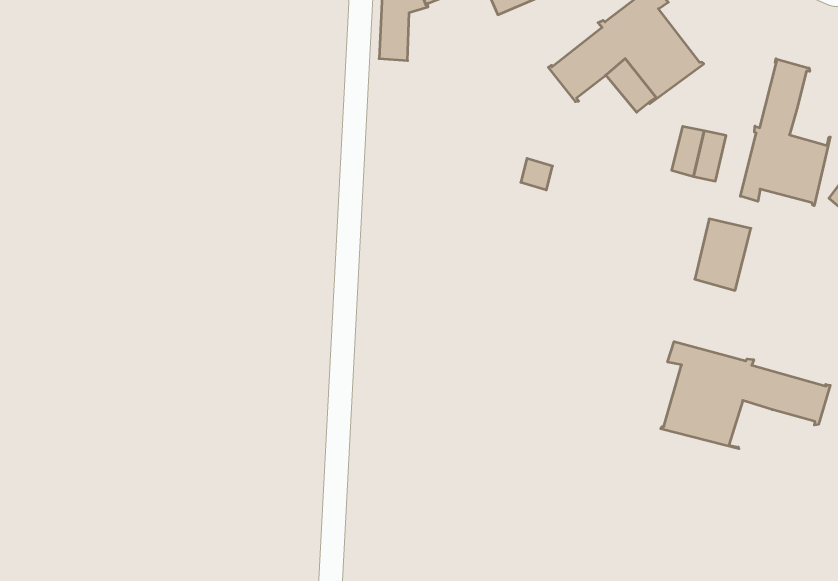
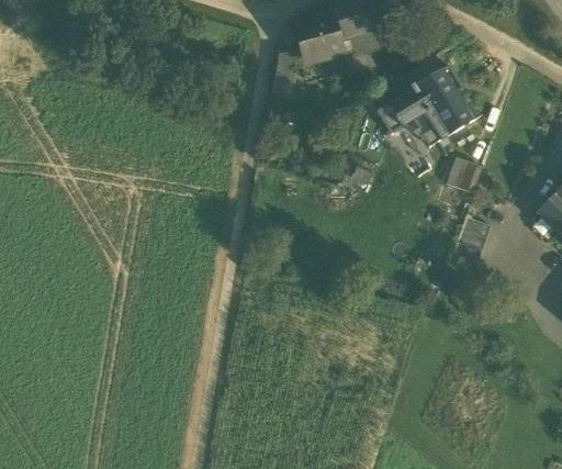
building: [740,59,830,206] -> none
building: [661,342,830,449] -> none

